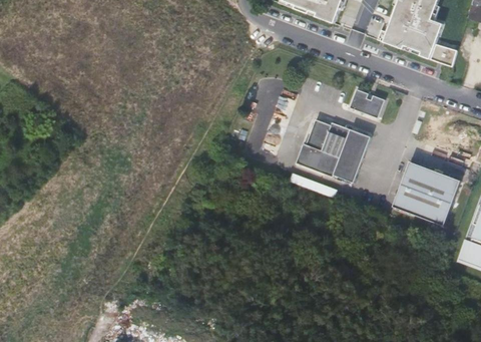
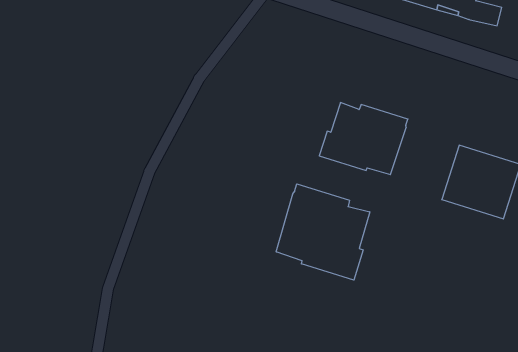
building: [350,89,385,118] -> none
building: none -> [276,184,370,280]

